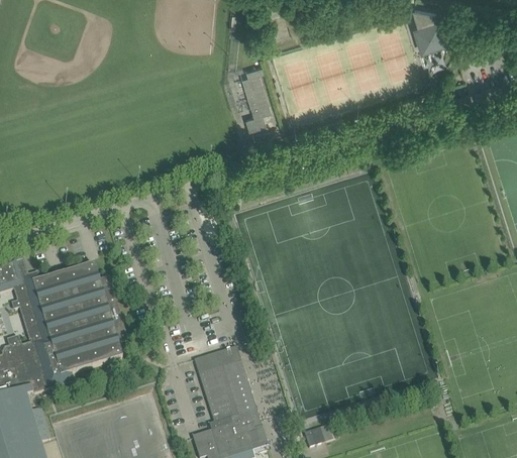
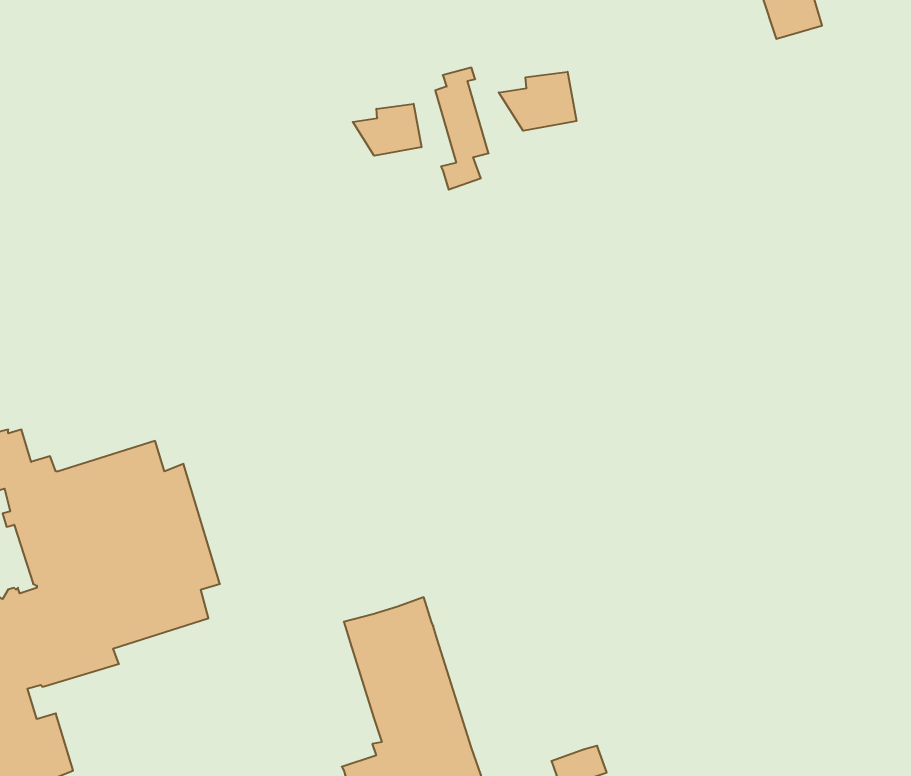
building: none -> [499,72,576,131]
building: none -> [353,104,421,156]

